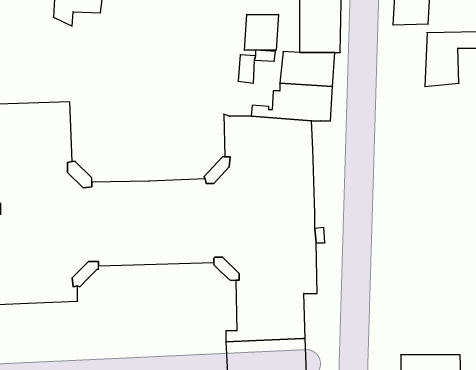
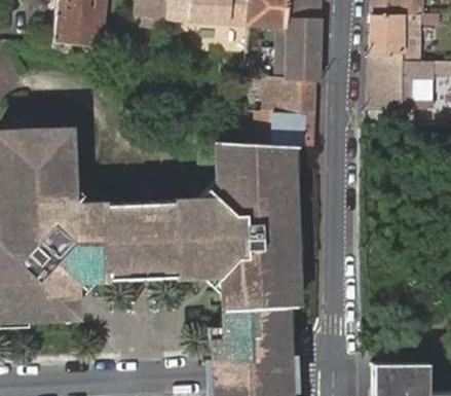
building: [245,14,278,50] -> none
building: none -> [366,53,403,114]

